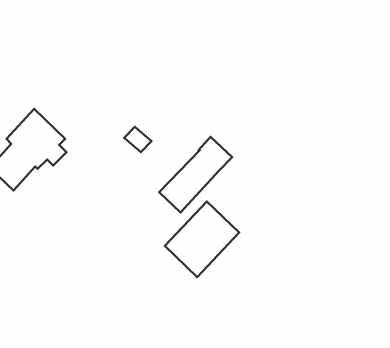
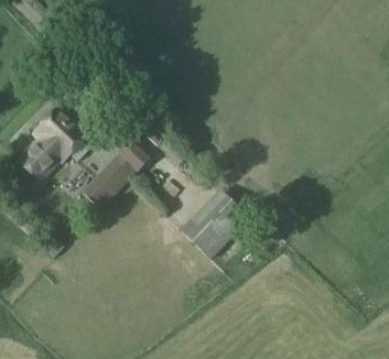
building: [159,137,232,213] -> [80,140,148,209]

